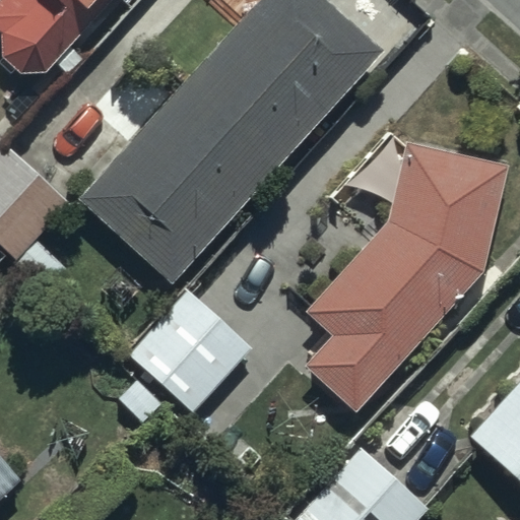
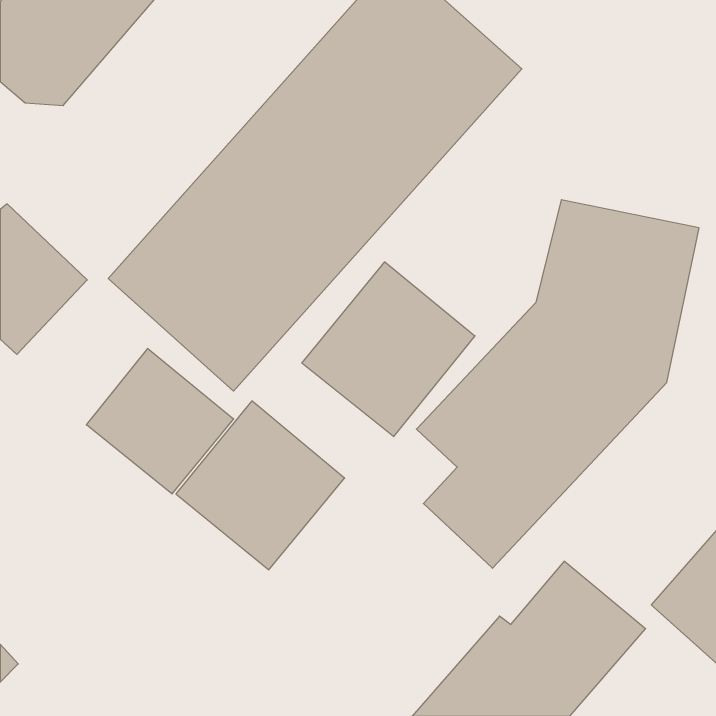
building: none -> [302,262,475,437]
building: none -> [86,348,234,494]

